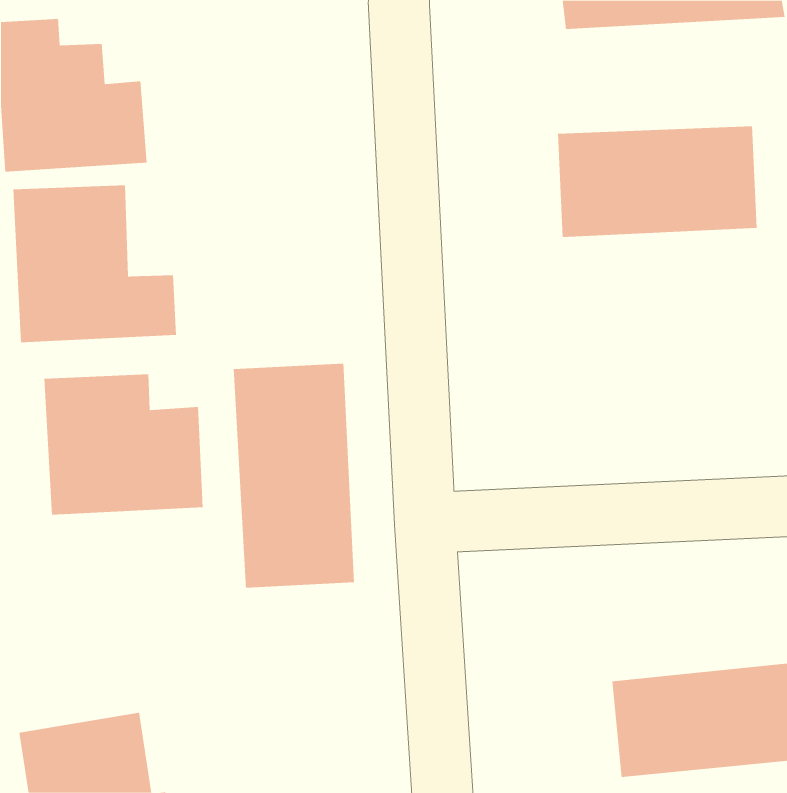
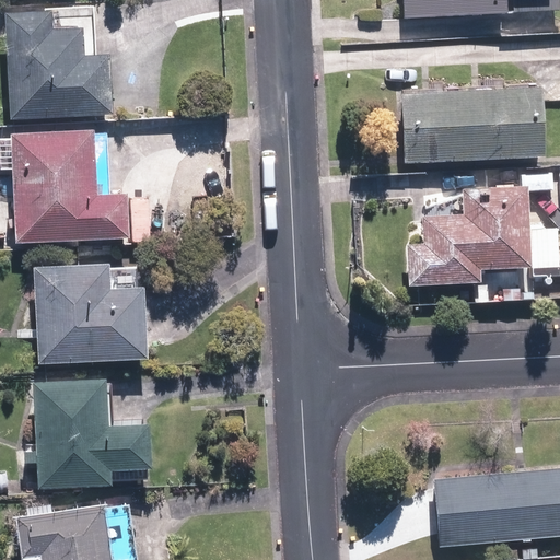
building: none -> [410,186,532,285]
building: [233,363,355,588] -> none
building: none -> [35,377,150,488]

